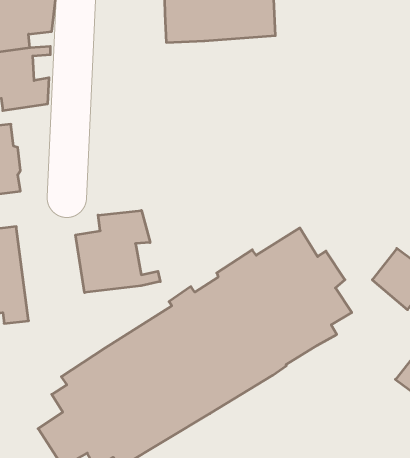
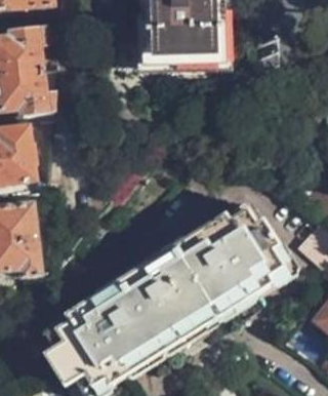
building: [76,210,160,293] -> none

